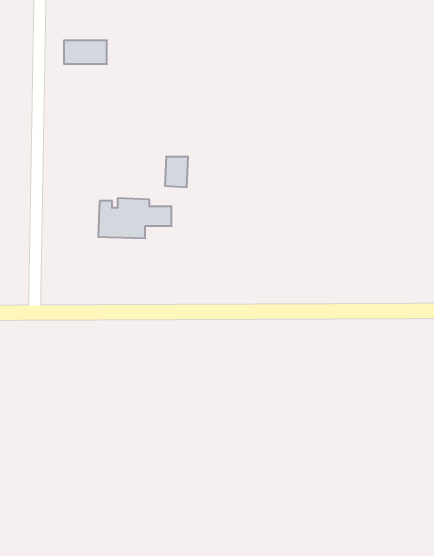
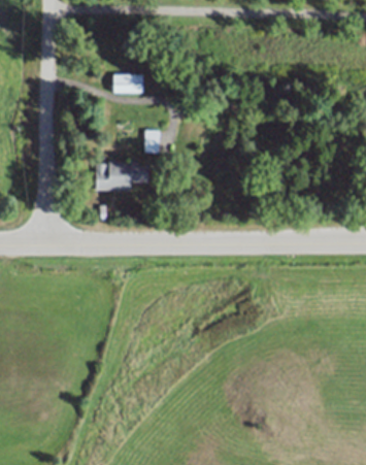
building: [64,40,107,64] -> [111,75,143,93]

